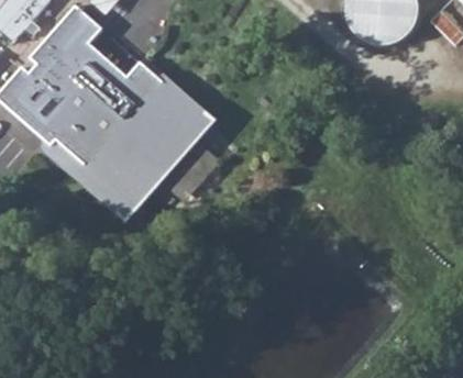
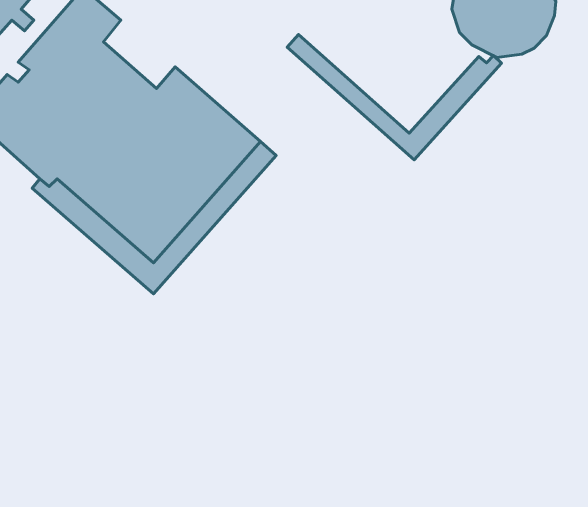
building: none -> [287,35,501,160]

